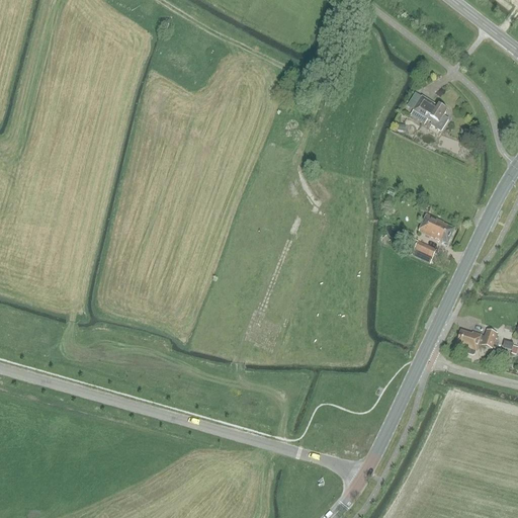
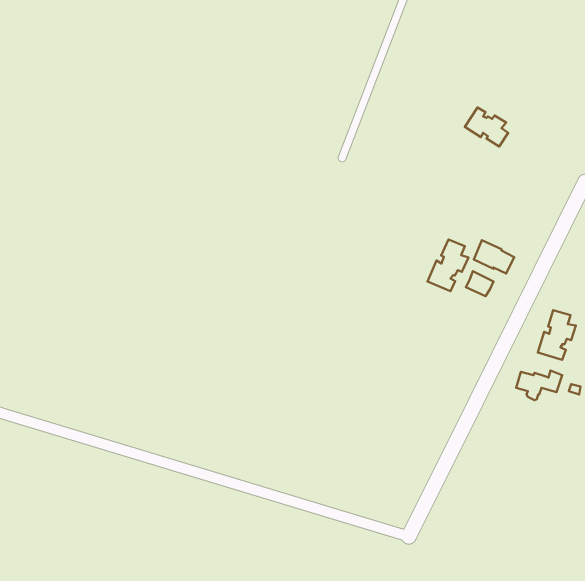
building: none -> [428,239,469,291]
building: none -> [538,310,576,360]

